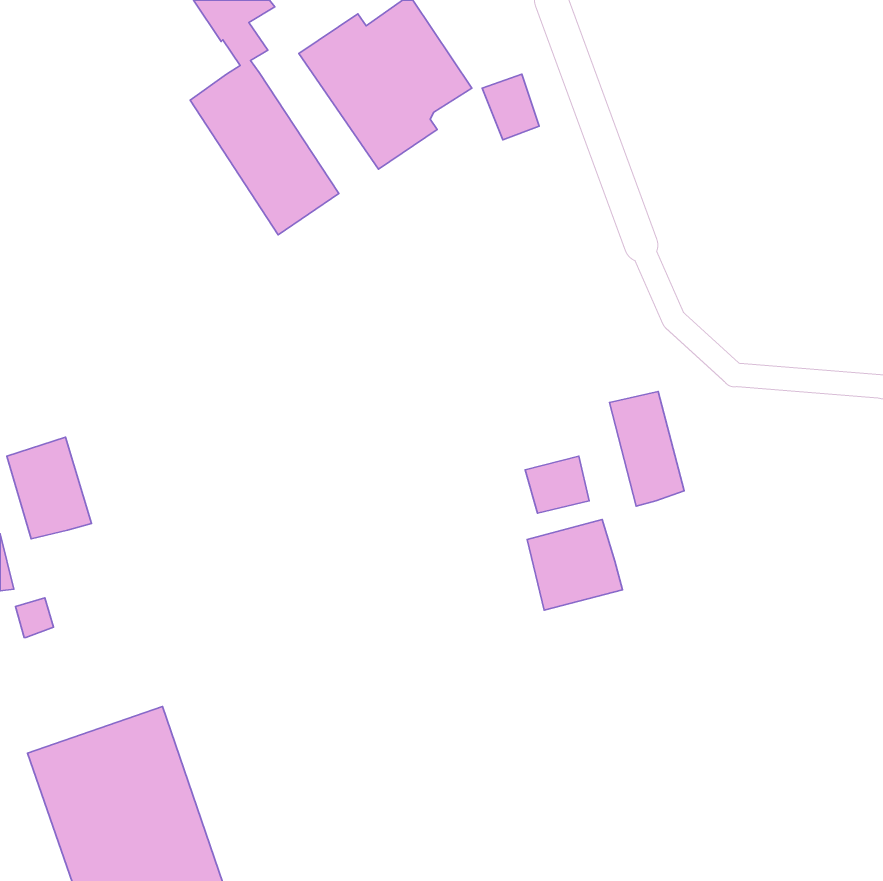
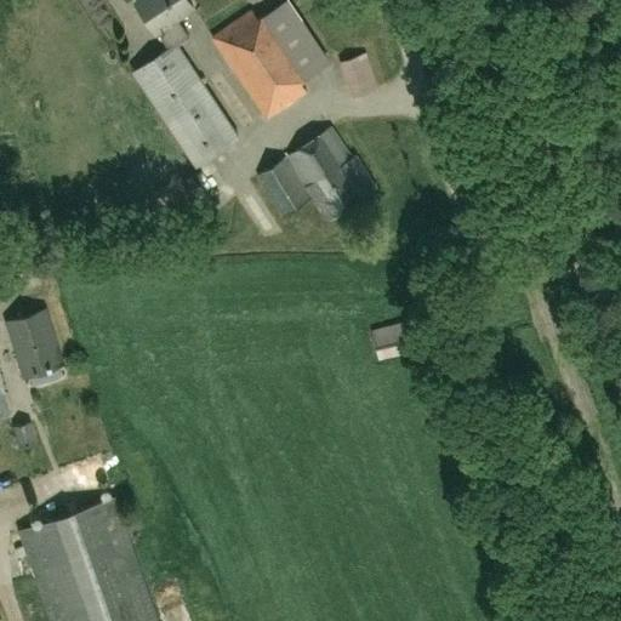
building: none -> [256,127,377,222]
building: [609,392,684,506] -> none
building: [527,519,623,610] -> none

